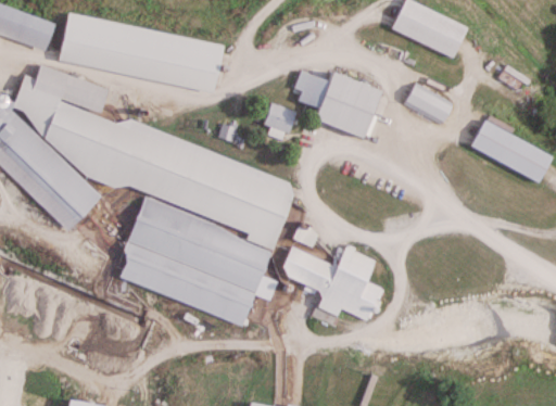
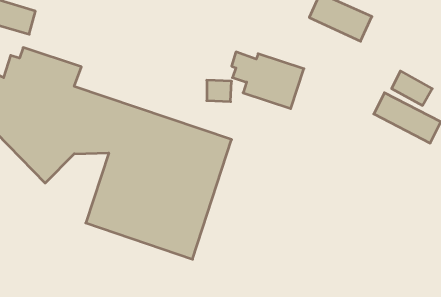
building: [55,14,219,91] -> none
building: [404,81,454,124] -> [392,71,432,105]
building: [278,244,386,325] -> none

